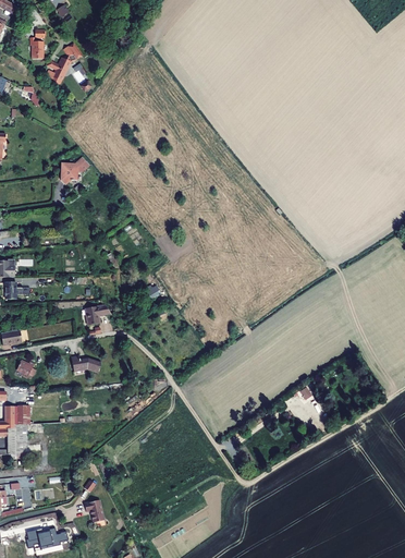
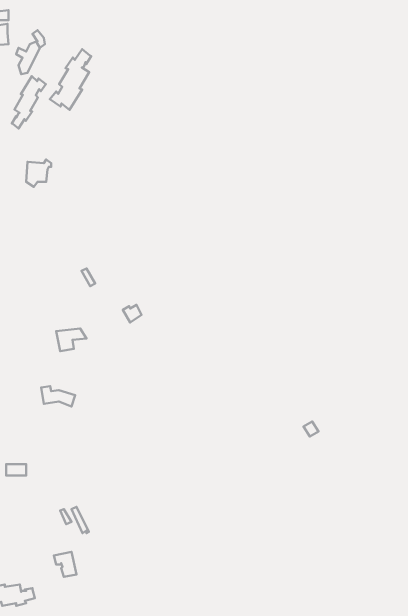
building: none -> [50,49,91,110]
building: none -> [12,76,46,129]

